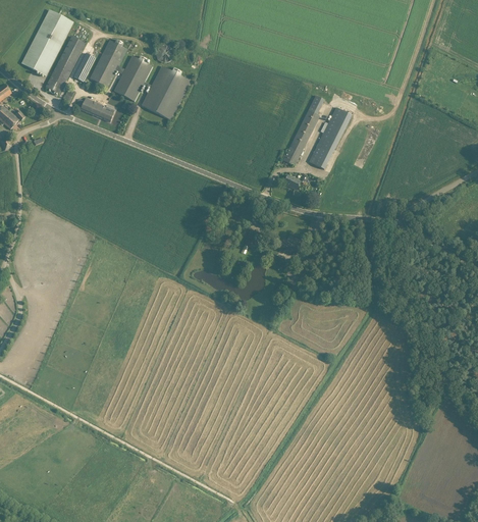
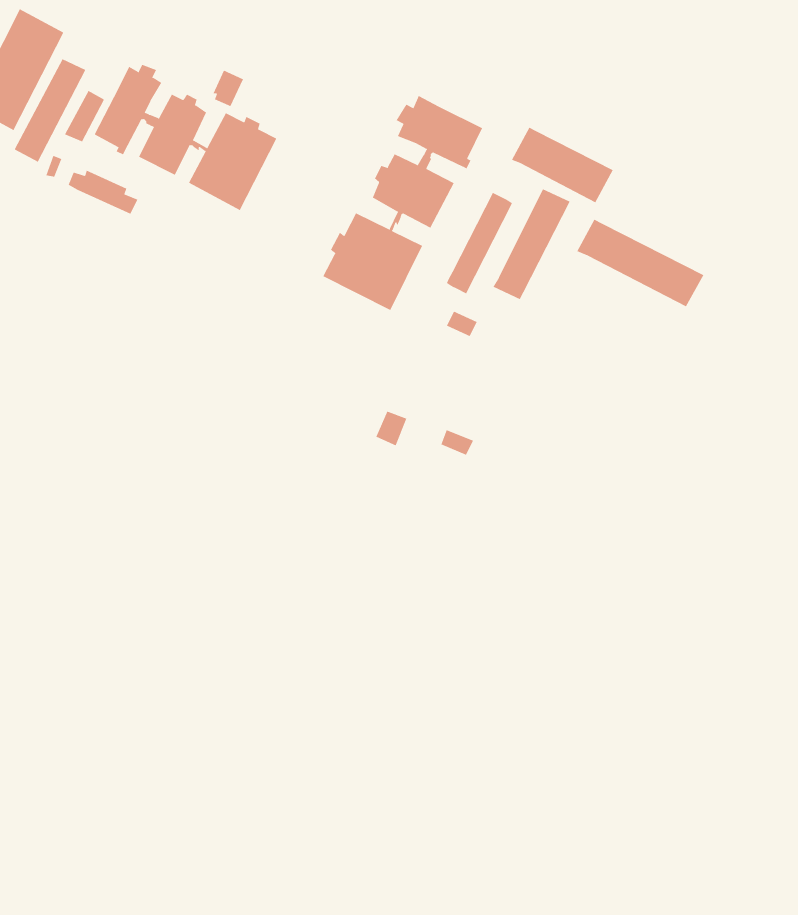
building: none -> [323,95,483,311]
building: none -> [511,127,613,203]
building: none -> [576,219,704,307]

